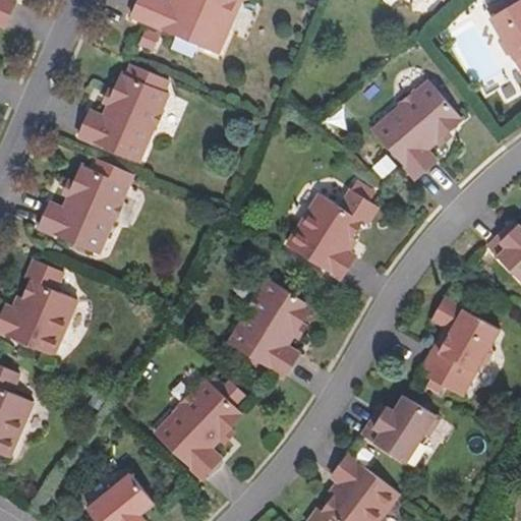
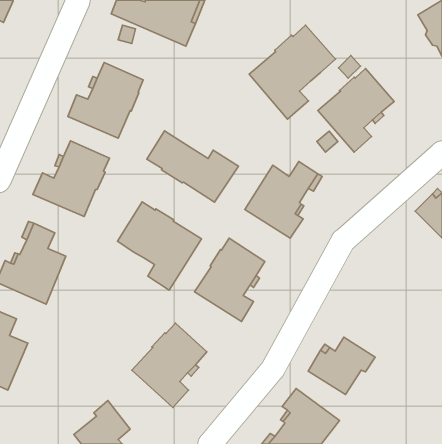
building: none -> [249,25,336,119]
building: none -> [147,131,239,202]
building: none -> [118,202,202,290]
building: [419,297,499,396] -> none

